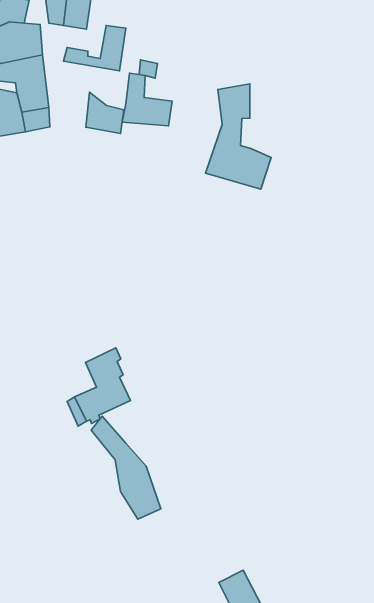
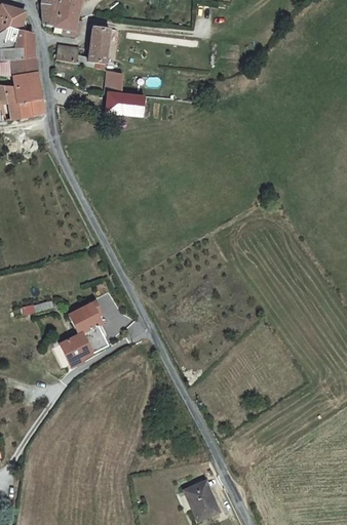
building: [205,84,271,189] -> none
building: [86,92,124,133] -> none
building: [91,416,161,519] -> none

